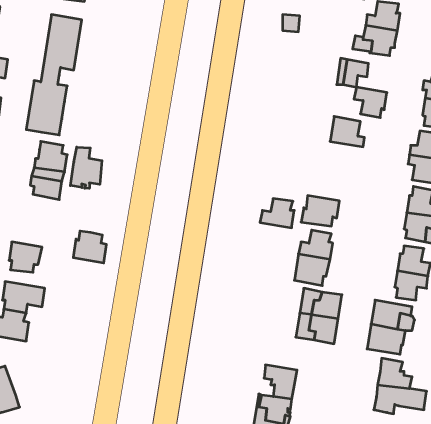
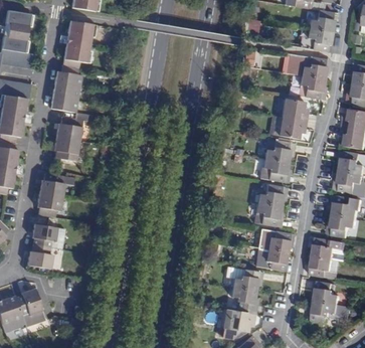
building: none -> [302,56,327,79]
building: none -> [279,117,307,139]
building: [70,147,102,188] -> none
building: [260,199,294,228] -> [264,140,291,162]
building: [73,231,106,263] -> [39,173,64,197]
building: none -> [226,267,259,291]

